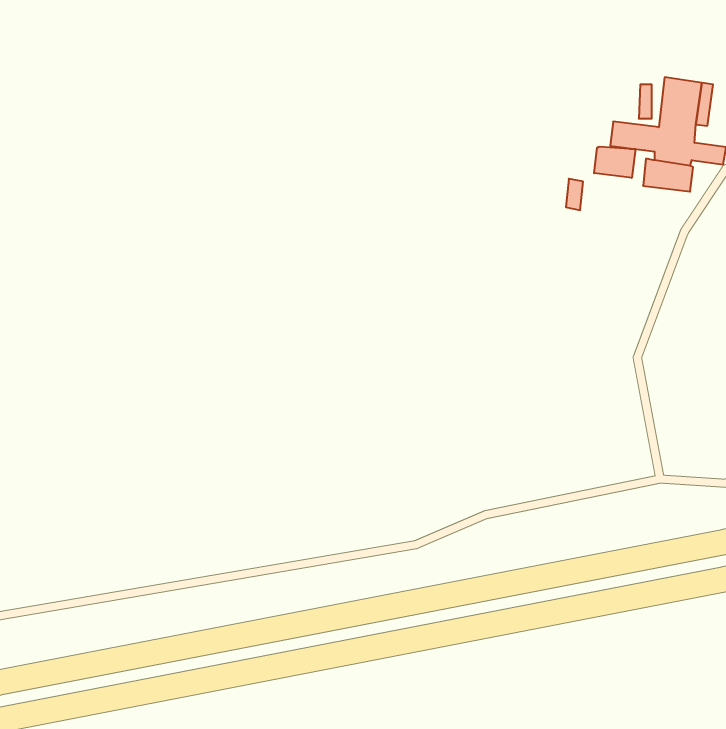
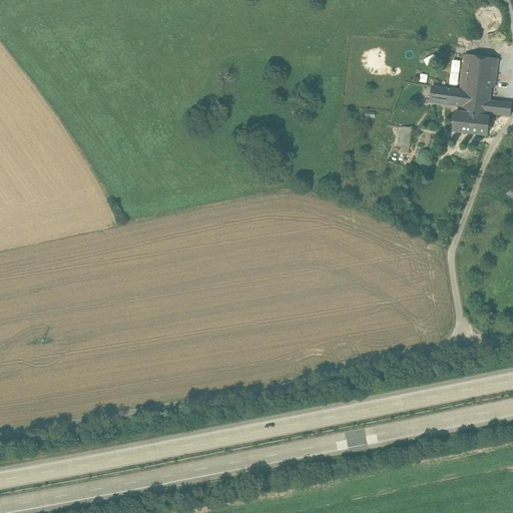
building: [594,147,636,178] -> none

